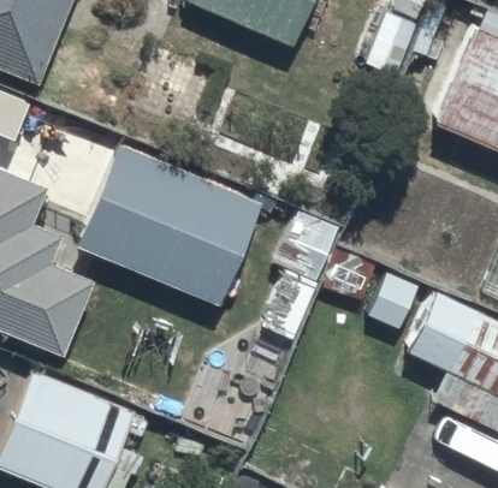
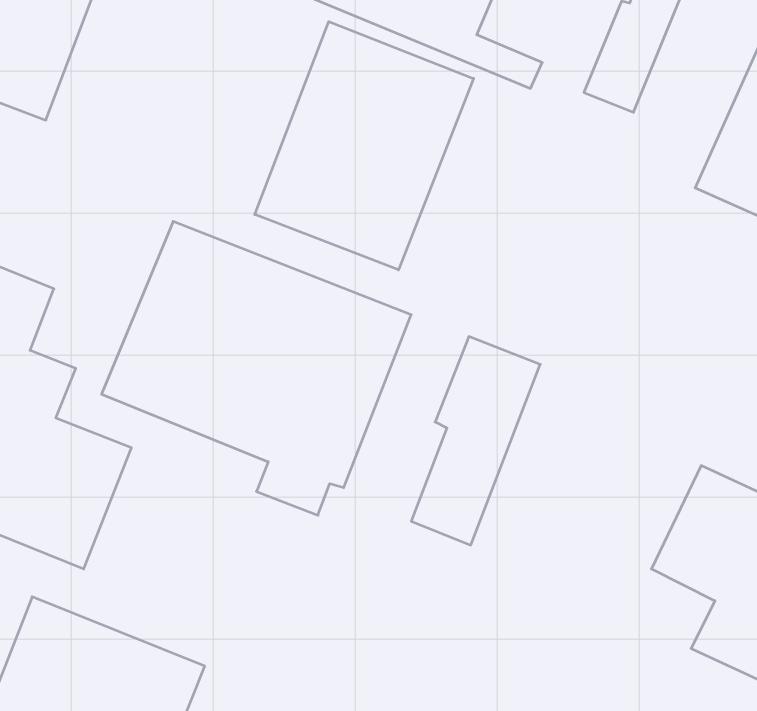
building: none -> [255,22,474,270]

